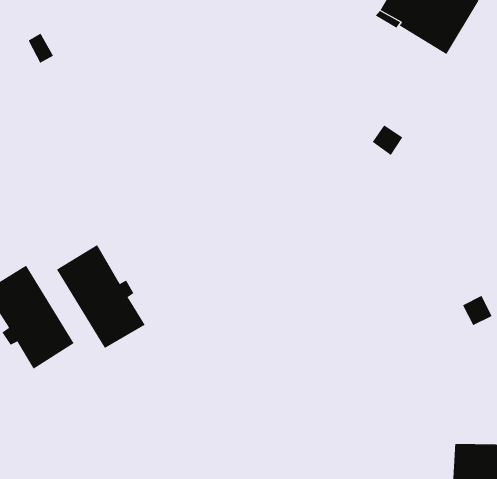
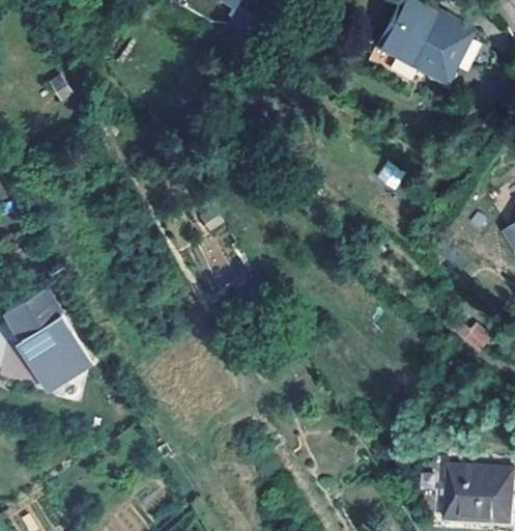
building: [56,244,146,349] -> none

